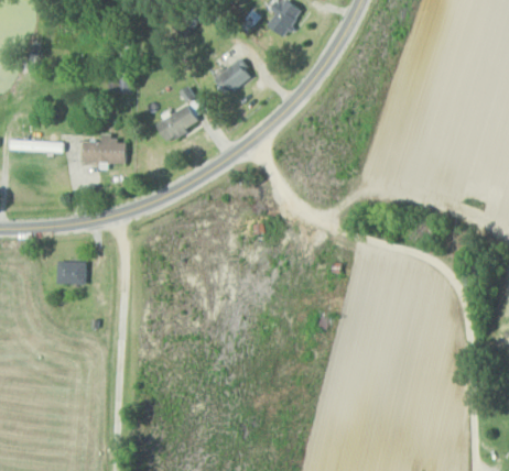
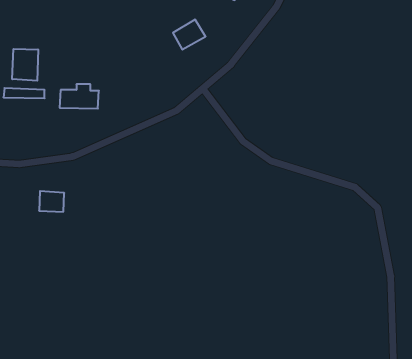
building: none -> [12,49,38,81]
building: [154,102,202,142] -> none

